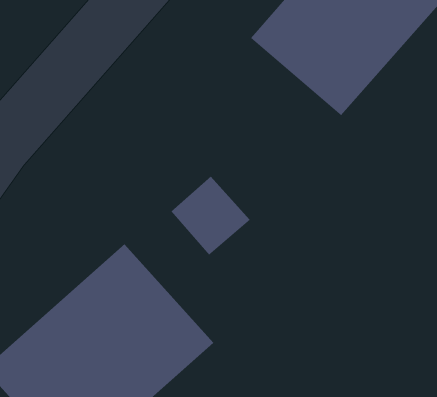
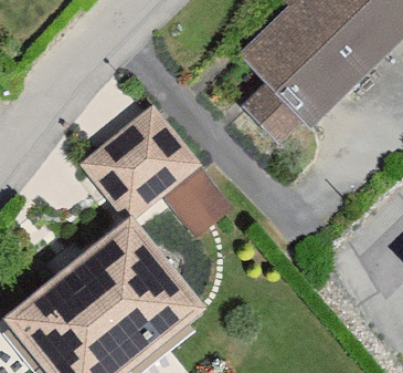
building: none -> [81,105,200,221]

